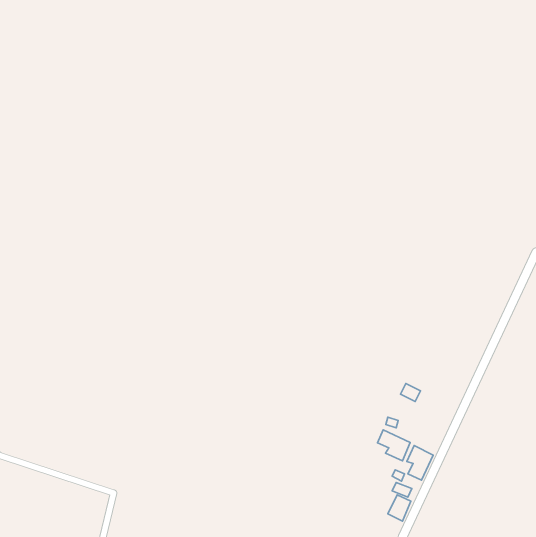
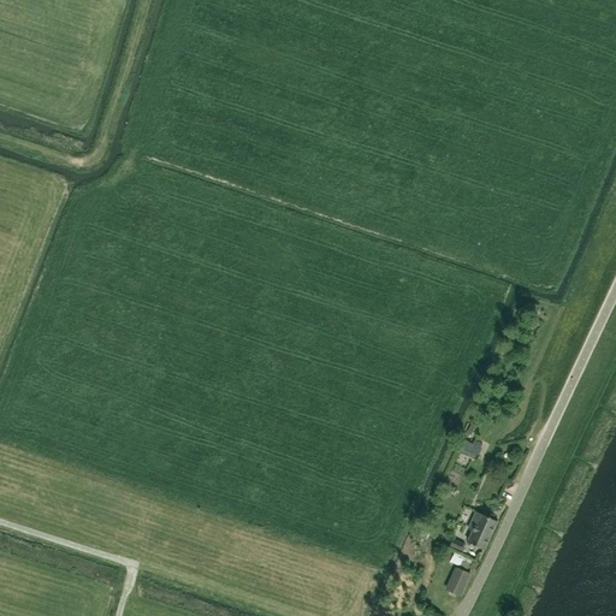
building: [377,430,410,461] -> none

